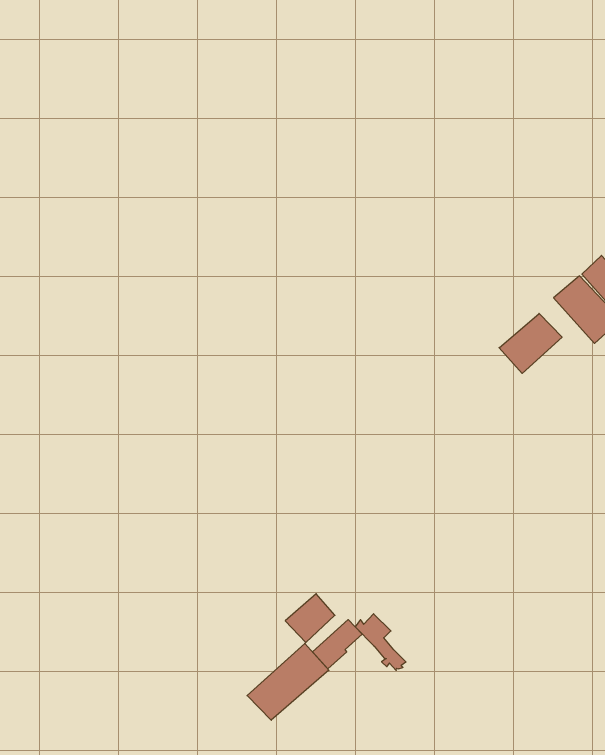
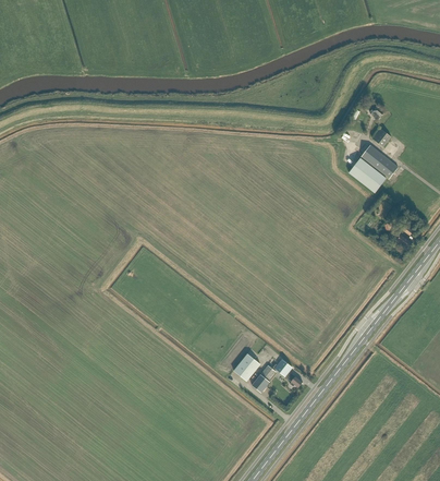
building: [499,313,562,373] -> none
building: [247,643,329,720] -> none

